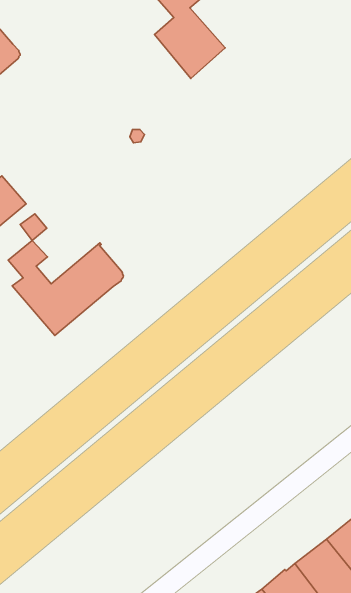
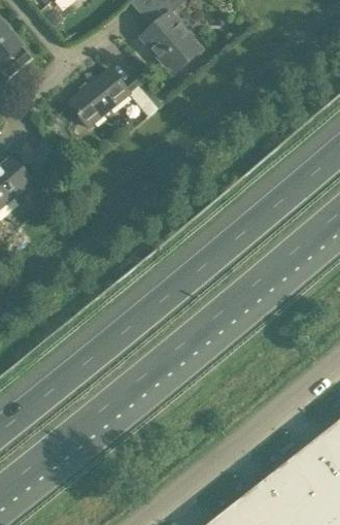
building: none -> [67,68,167,128]
building: [8,240,124,336] -> none

